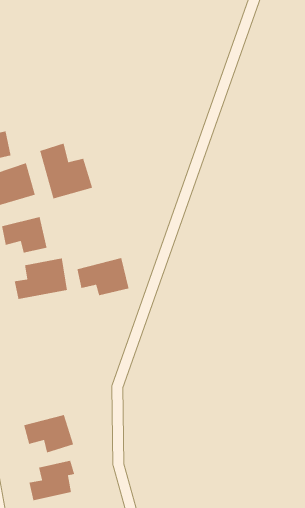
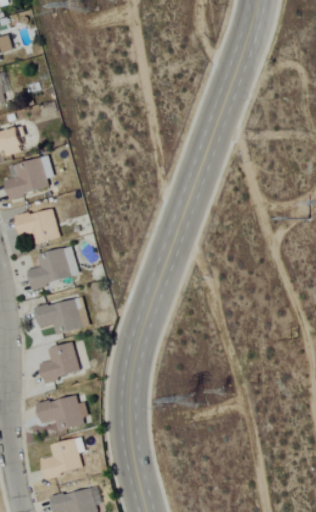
building: [39,143,93,200] -> none
building: [76,257,129,296] -> [34,297,84,334]
building: none -> [38,342,80,382]

